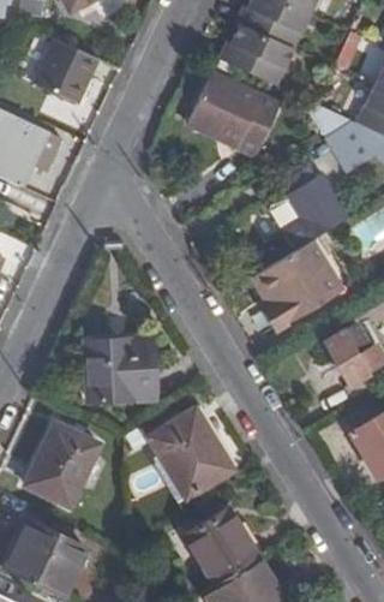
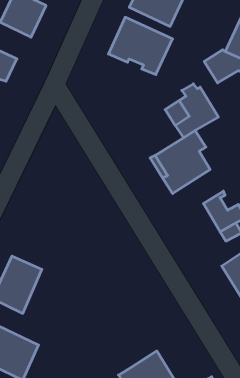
building: [88,339,155,401] -> none
building: [149,407,234,499] -> none
building: [185,509,258,584] -> none

